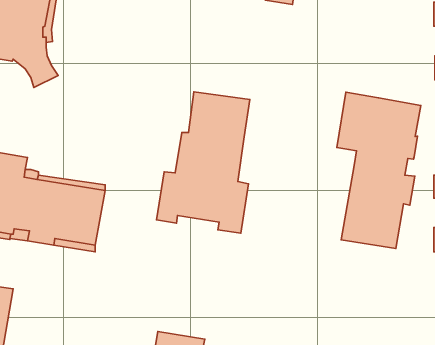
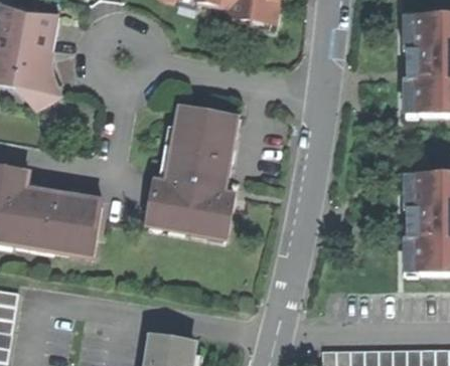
building: [337,92,421,248] -> none

